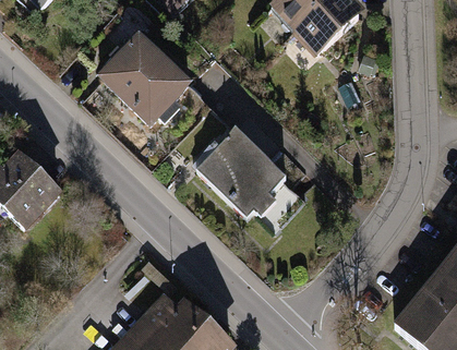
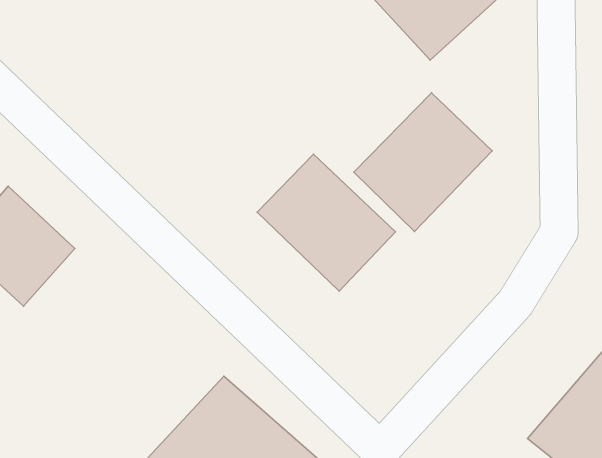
building: [95,26,194,124] -> none
building: none -> [354,93,492,232]

